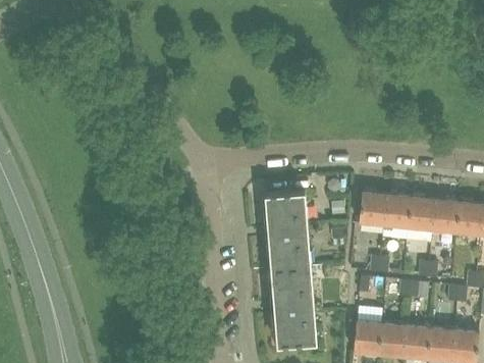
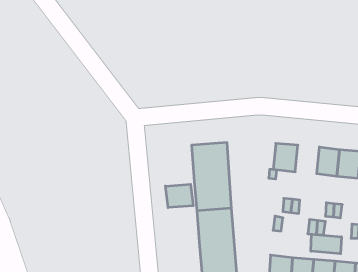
building: [384,194,412,226] -> none
building: none -> [165,184,193,208]
building: none -> [311,234,341,254]

